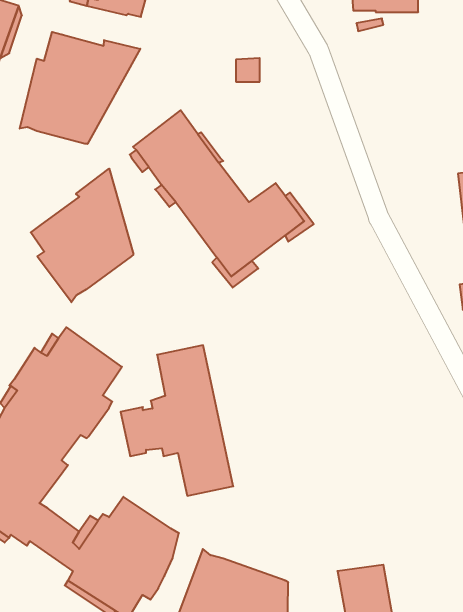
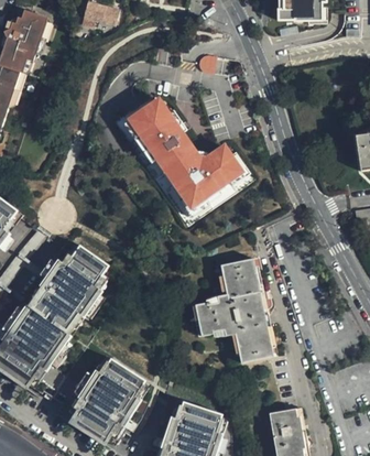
building: [20,32,140,144] -> none
building: [31,169,133,302] -> none
building: [121,345,233,496] -> [194,257,272,361]

